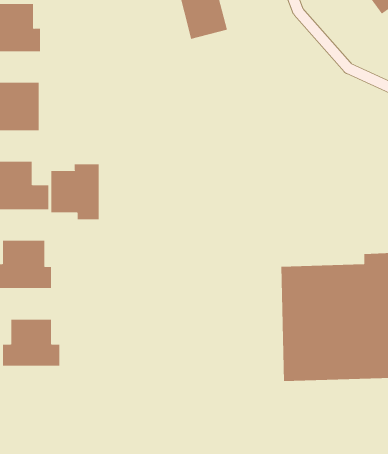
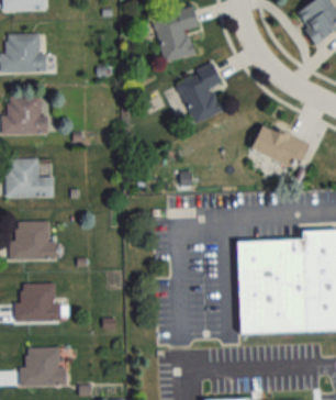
building: none -> [175,63,223,123]
building: none -> [251,122,309,169]
building: [51,163,99,220] -> none
building: none -> [20,347,65,386]

